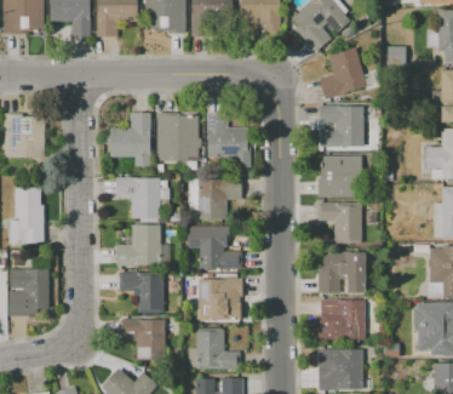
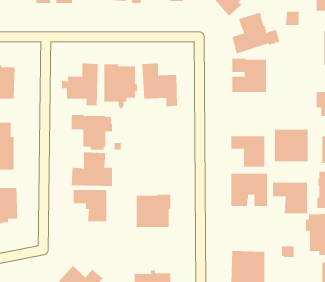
building: [319,156,362,198] -> [274,129,309,162]
building: [189,178,242,219] -> none
building: [189,227,242,268] -> none
building: [321,299,366,339] -> [272,182,308,214]
building: [122,319,166,360] -> none
building: [188,329,241,370] -> none

